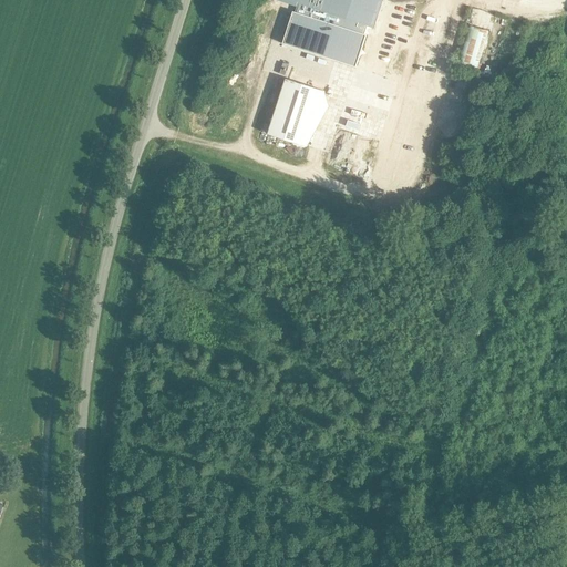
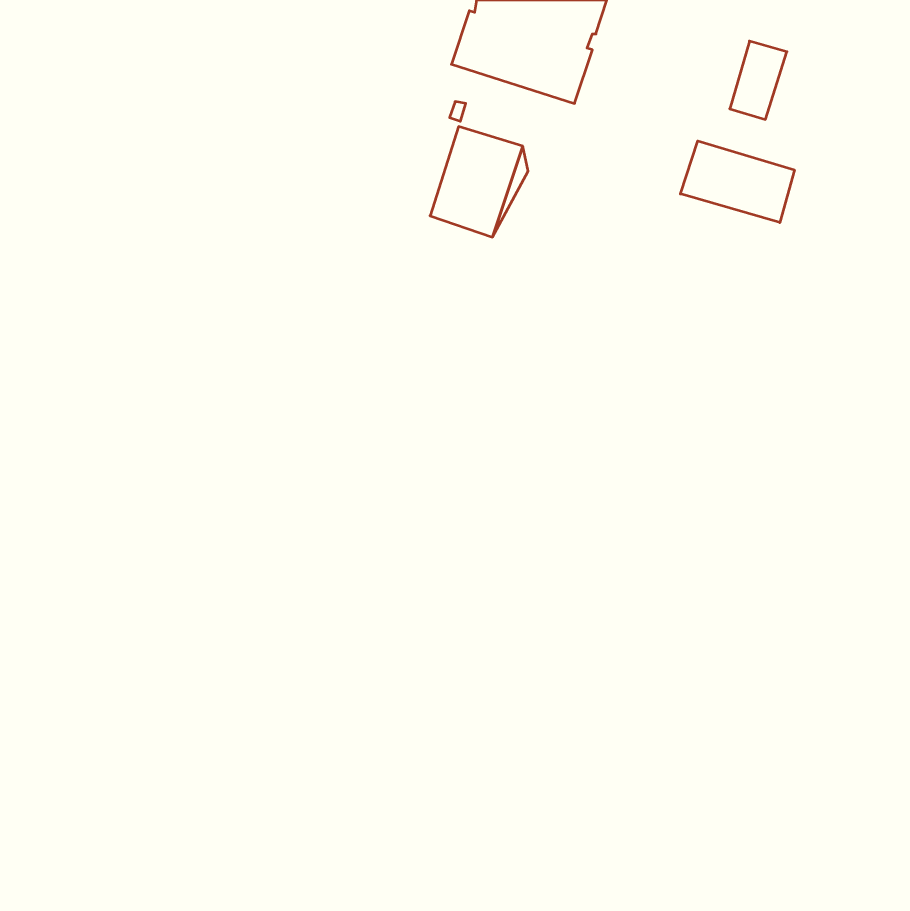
building: none -> [680,141,794,223]

